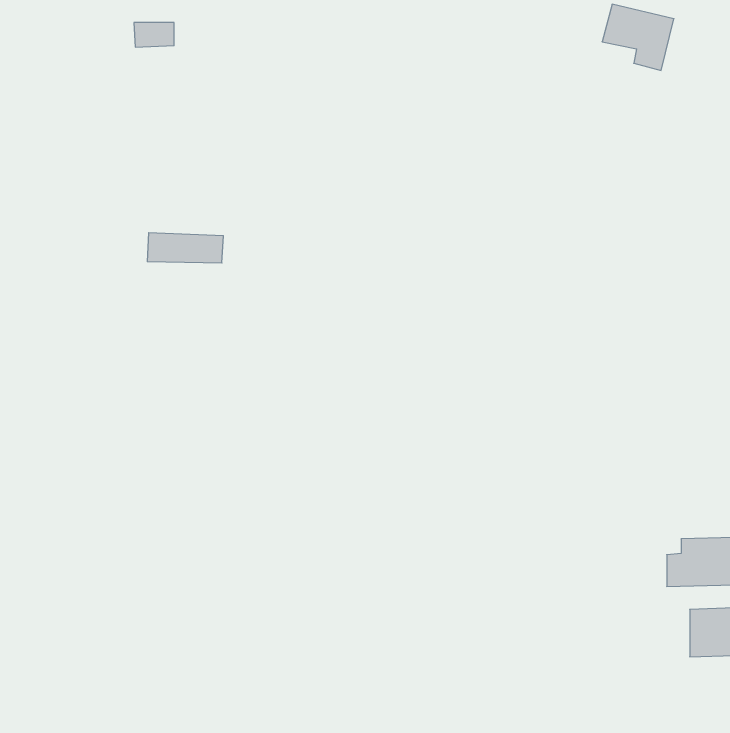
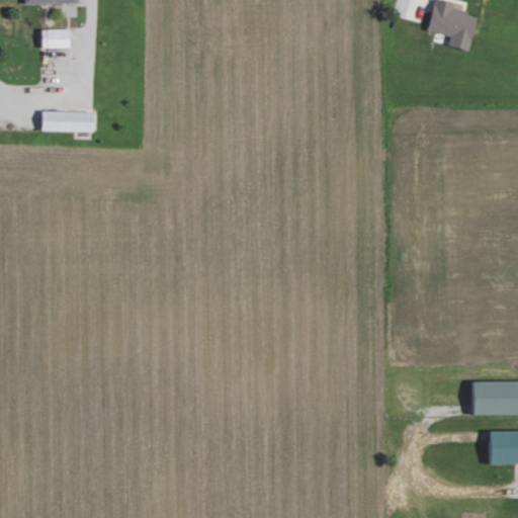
building: [134,23,174,47] -> [40,30,69,48]
building: [147,233,223,263] -> [40,111,94,133]

